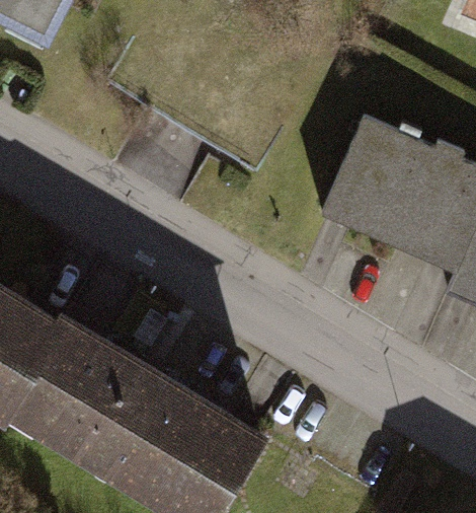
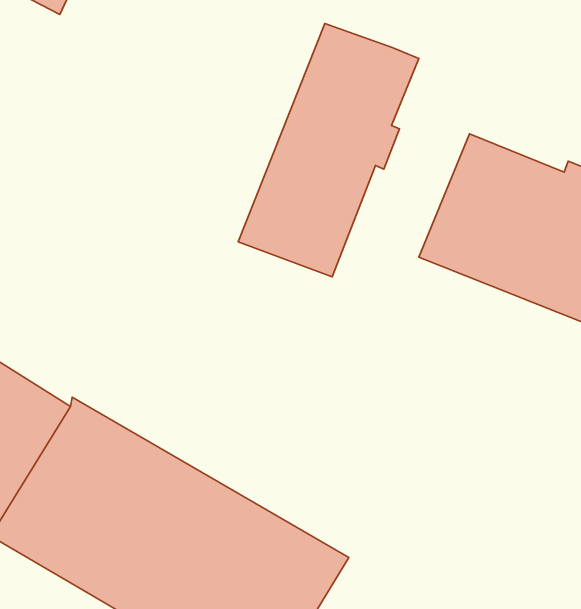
building: none -> [238,23,419,277]

